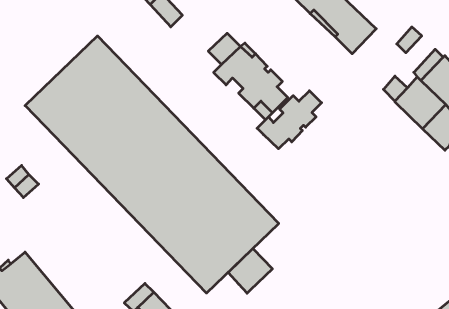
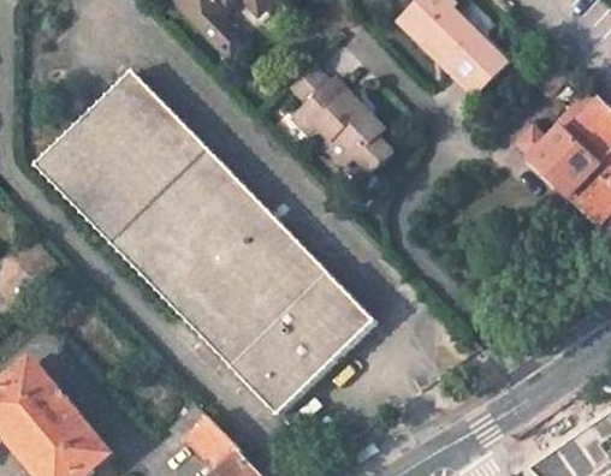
building: [257,91,322,149] -> none
building: [228,248,272,293] -> none

